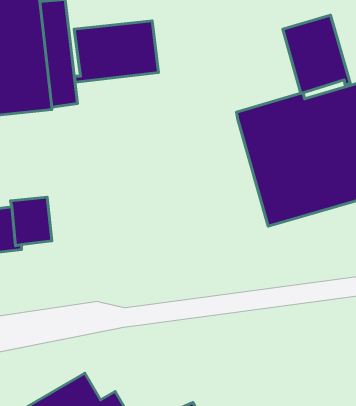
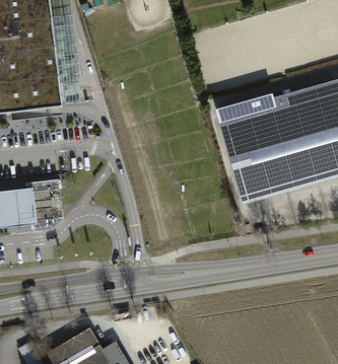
building: [283,15,350,93] -> none
building: [74,21,158,82] -> none

